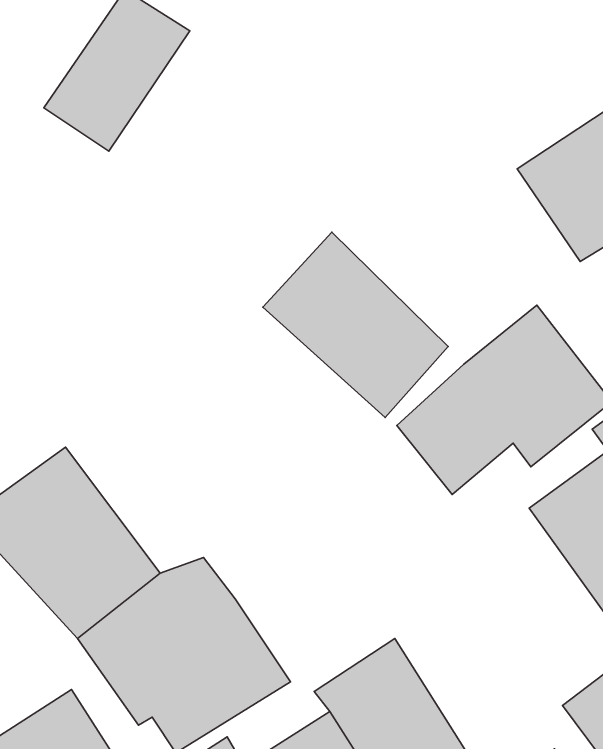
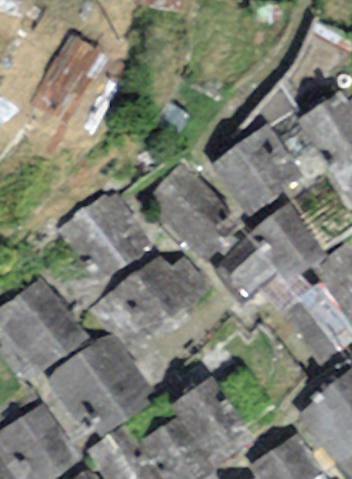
building: none -> [209,125,299,213]
building: none -> [57,192,151,276]
building: none -> [89,255,208,356]

